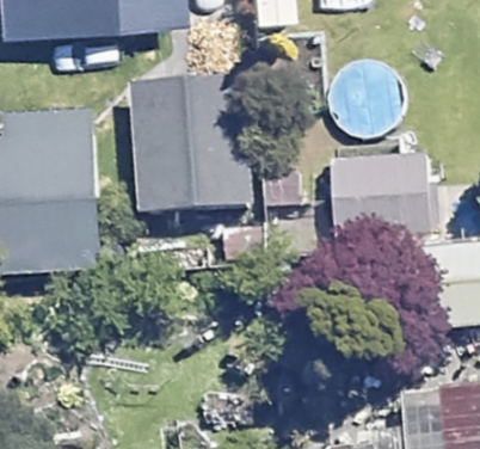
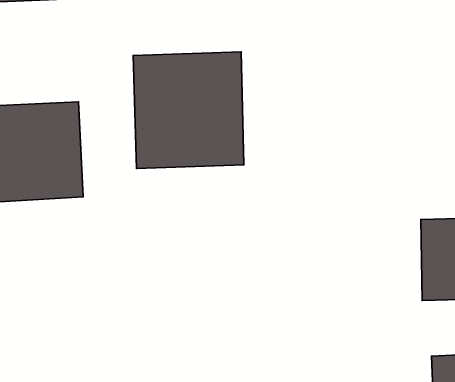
building: [320,159,427,241] -> none

